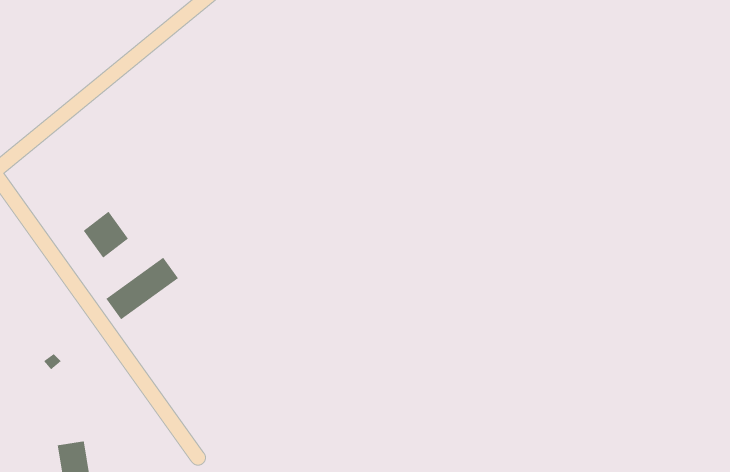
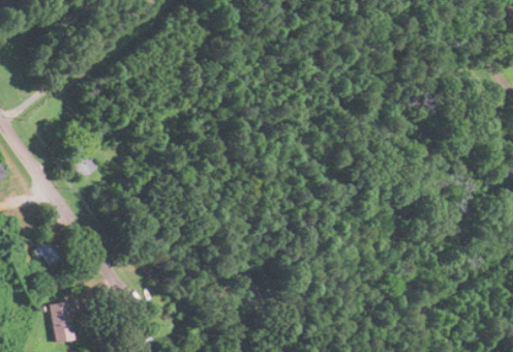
building: [105,257,179,320] -> none

